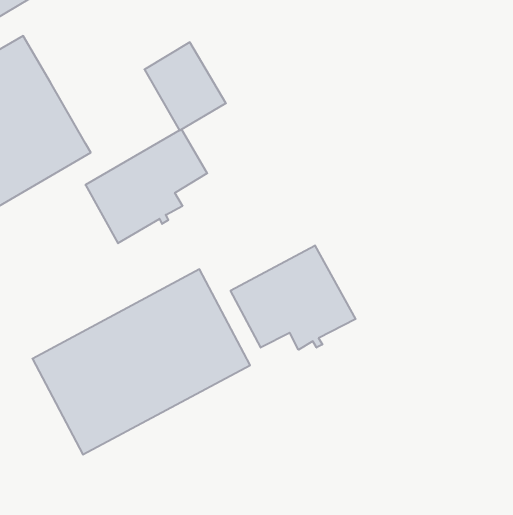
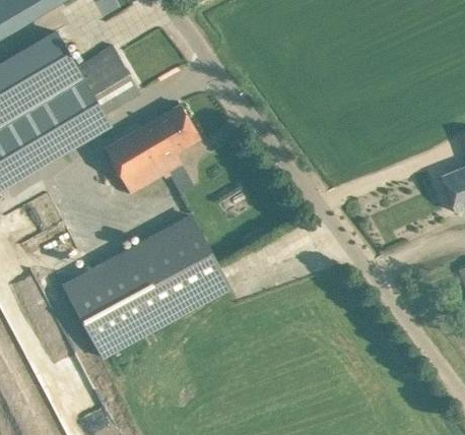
building: [144,42,226,130] -> [77,47,141,116]
building: [231,245,356,350] -> none

